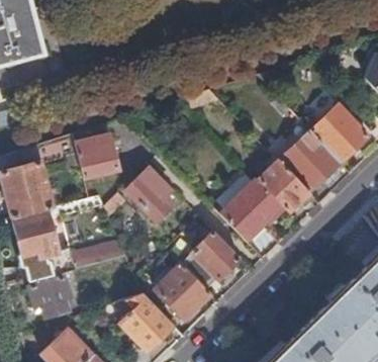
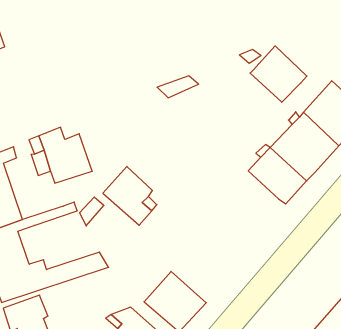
building: none -> [250,46,307,102]
building: [218,178,282,241] -> none
building: [191,231,240,279] -> none

